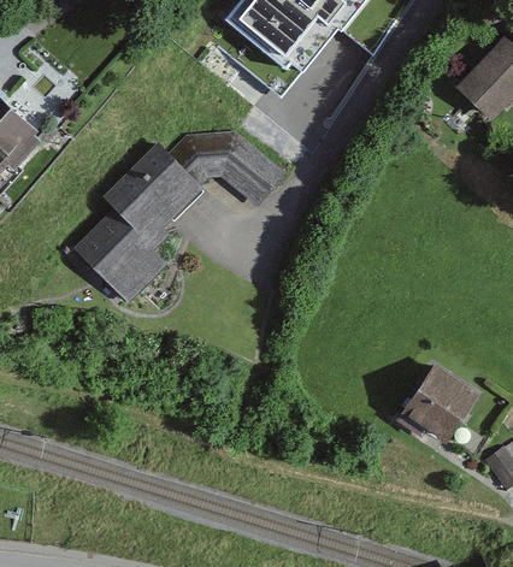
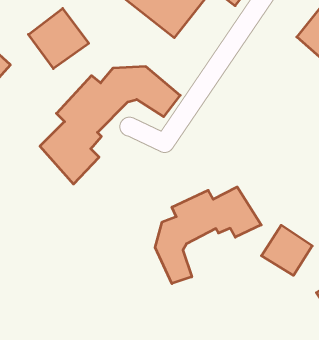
building: none -> [28,8,89,69]
building: none -> [155,187,261,284]

